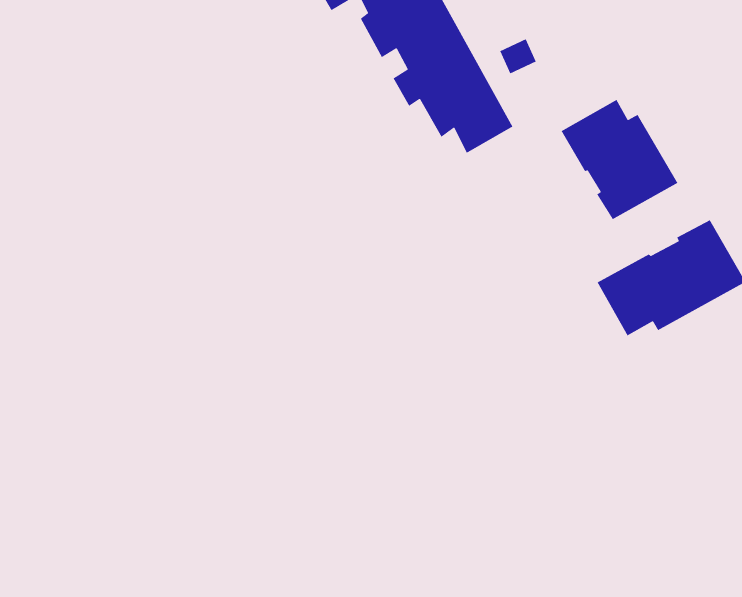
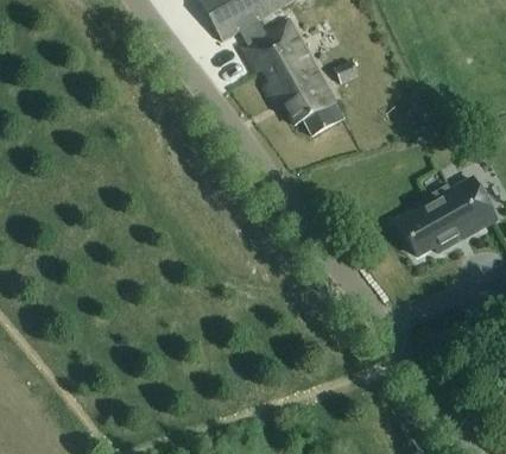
building: [560,99,678,220] -> none

